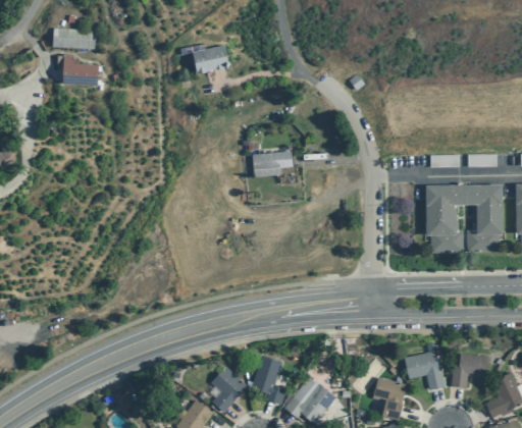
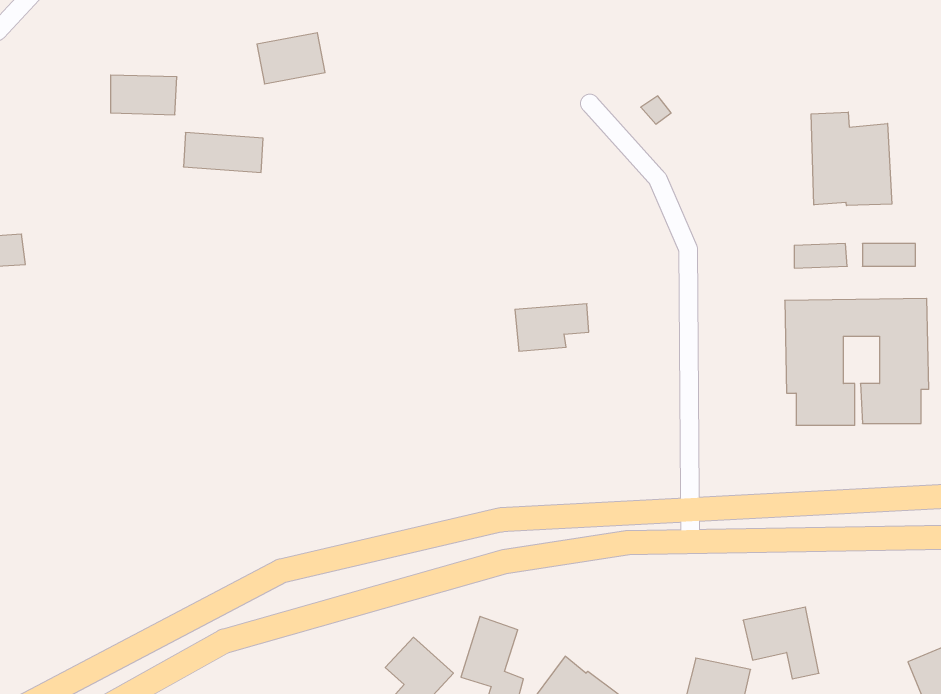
building: [52,28,95,49] -> [183,133,263,172]
building: [192,45,228,72] -> [257,33,325,84]
building: none -> [811,112,892,206]
building: [252,151,292,176] -> [515,304,589,351]
building: [451,355,487,387] -> none

